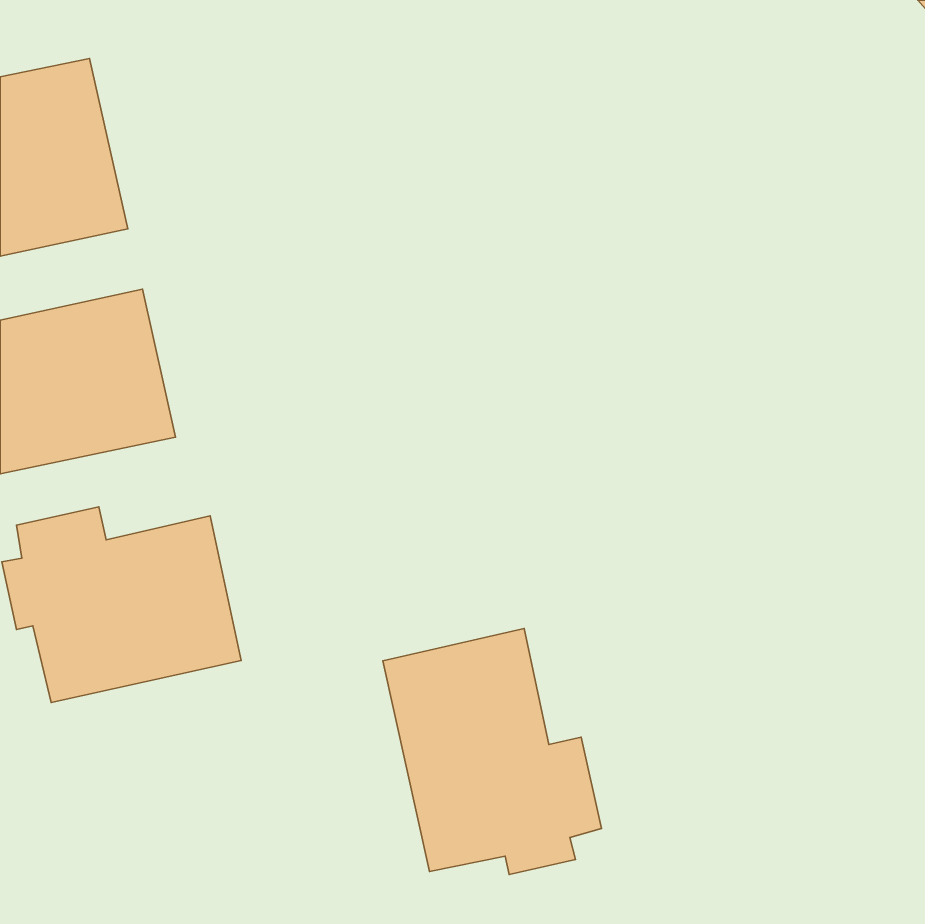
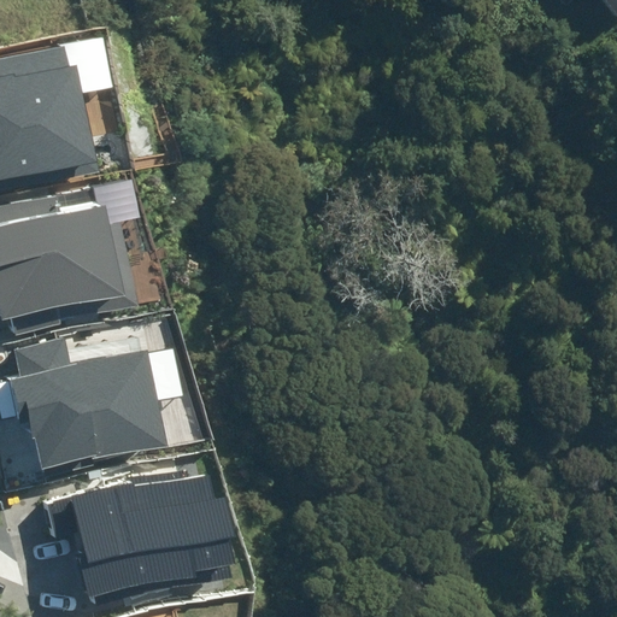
building: [383,629,601,874] -> none
building: none -> [52,470,233,598]

